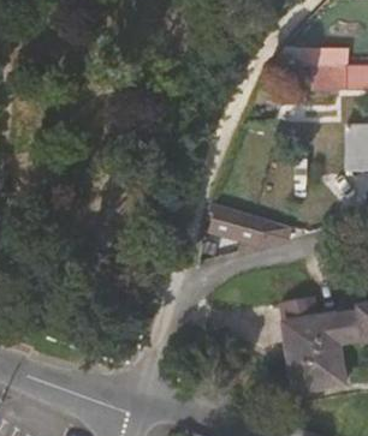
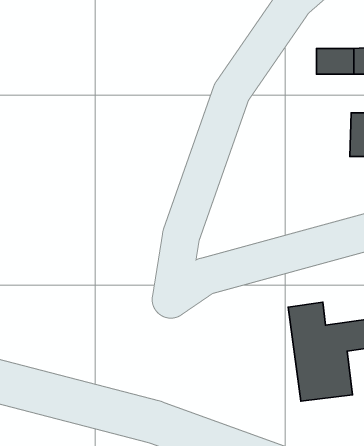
building: [207,202,291,245] -> none

